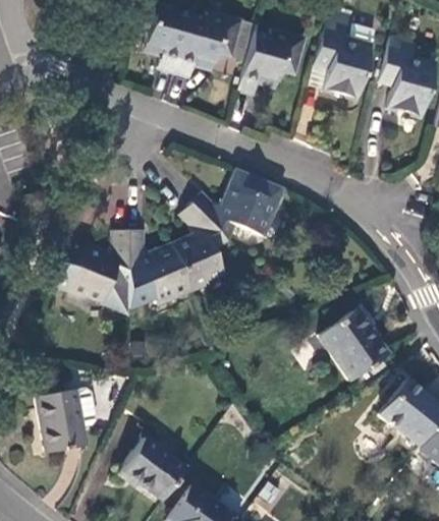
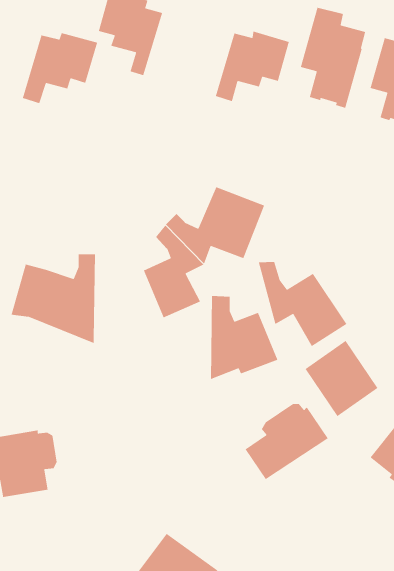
building: [173,10,242,75] -> [22,32,98,104]
building: [128,231,190,308] -> [210,295,279,380]
building: none -> [258,261,348,347]
building: none -> [244,403,329,480]
building: [123,439,186,500] -> none

